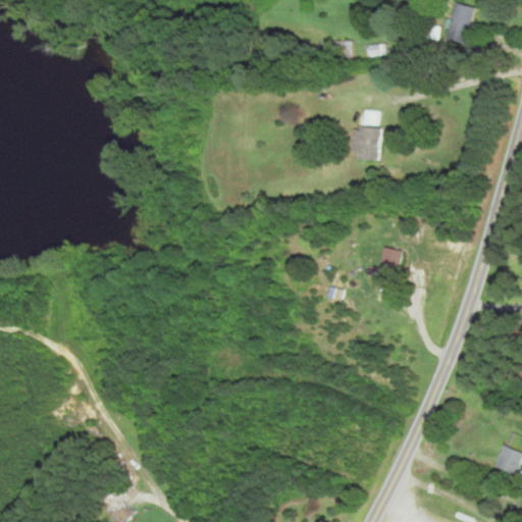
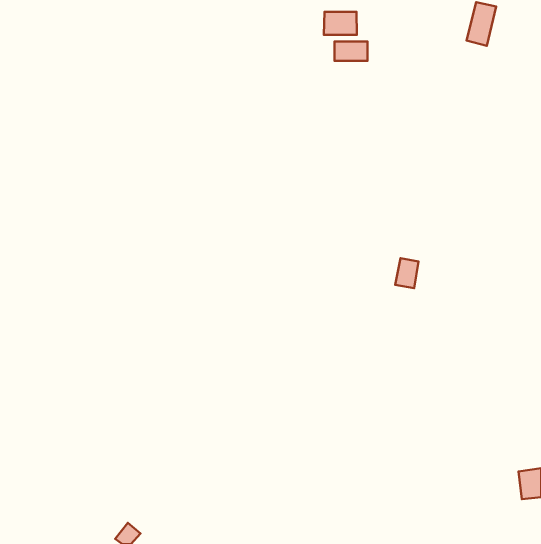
building: none -> [324,12,357,35]
building: [350,109,381,159] -> none

